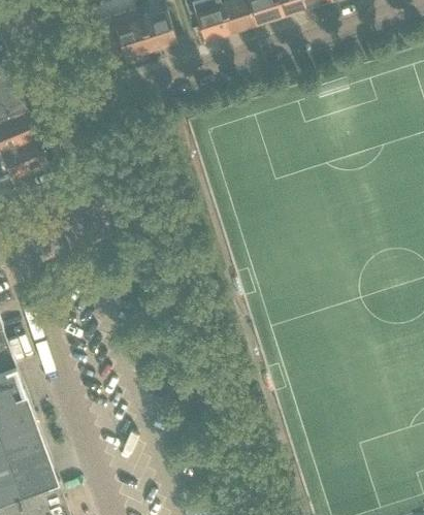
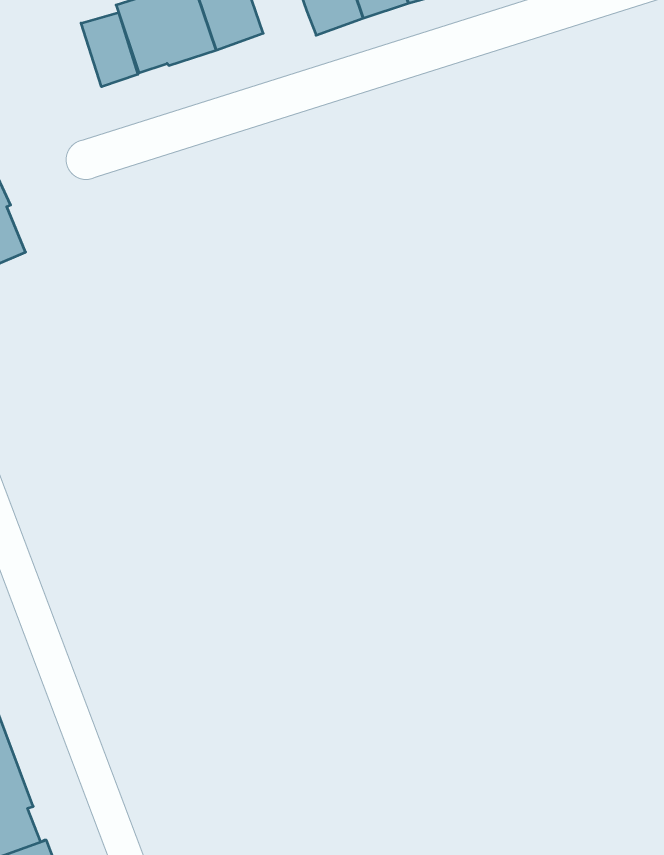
building: none -> [81,12,138,87]

